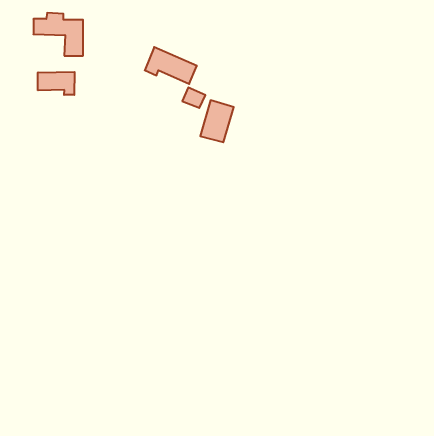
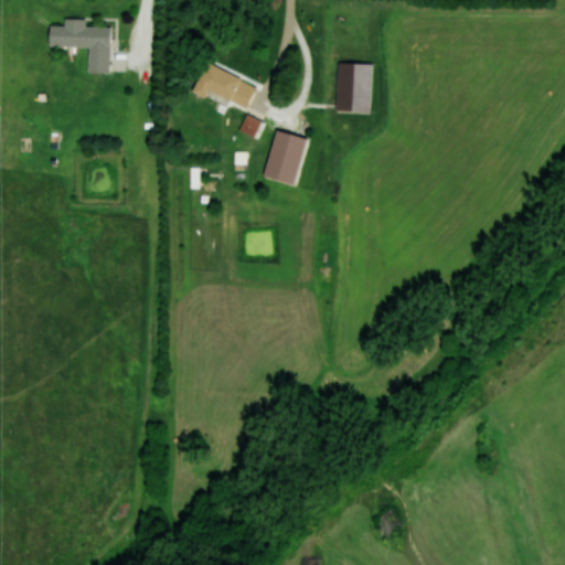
building: none -> [339,64,372,111]
building: [38,72,75,95] -> none

